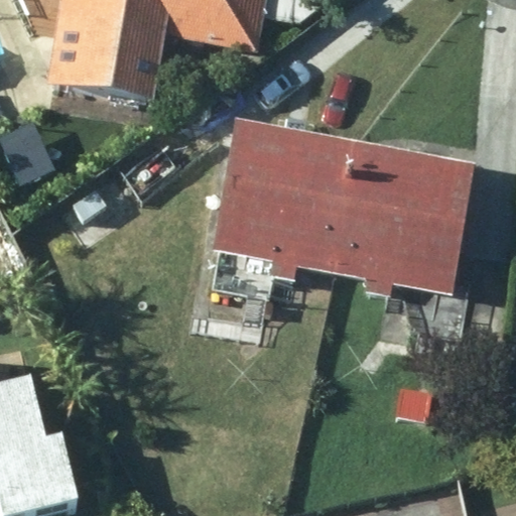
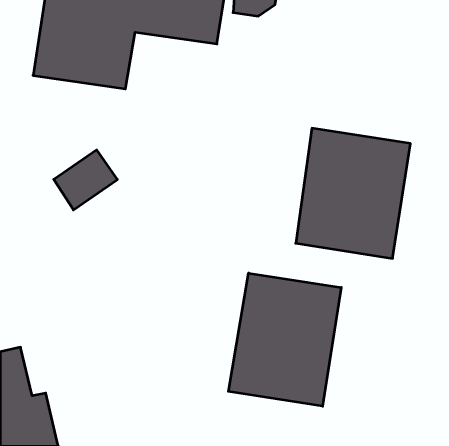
building: [212,124,361,273] -> none
building: none -> [228,273,341,406]

